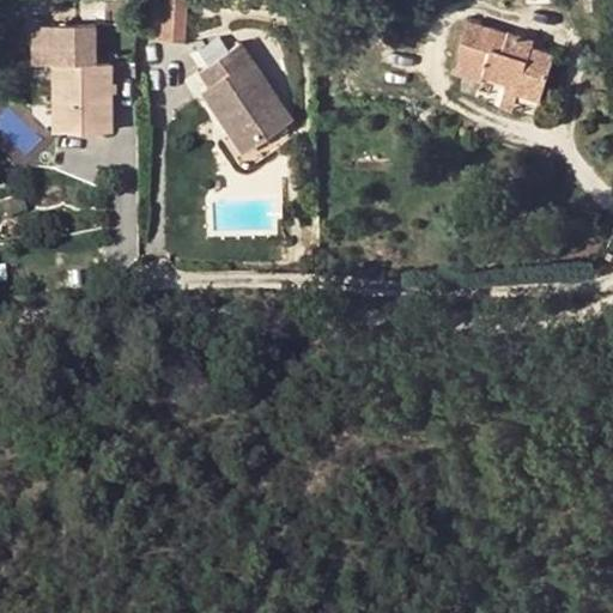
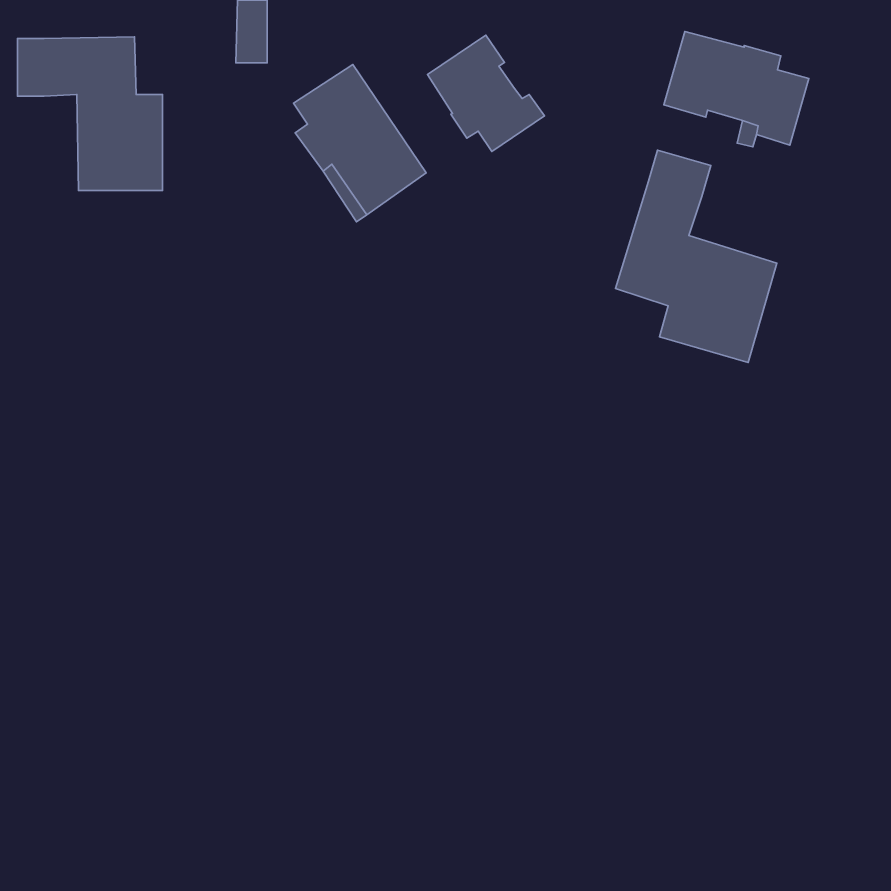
building: none -> [428,35,544,152]
building: none -> [616,150,777,363]

